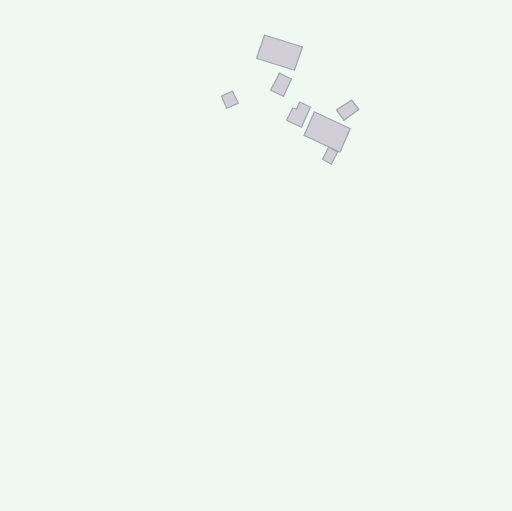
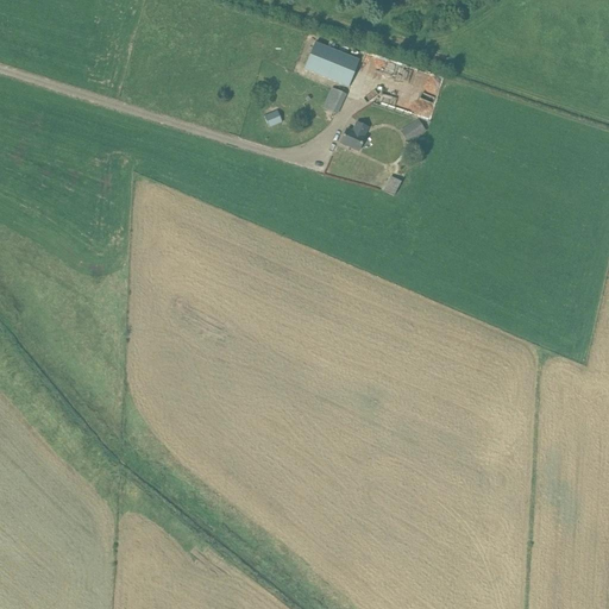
building: [304,112,350,152] -> none

